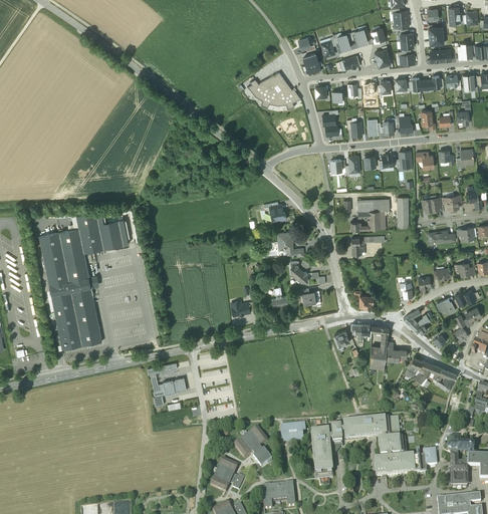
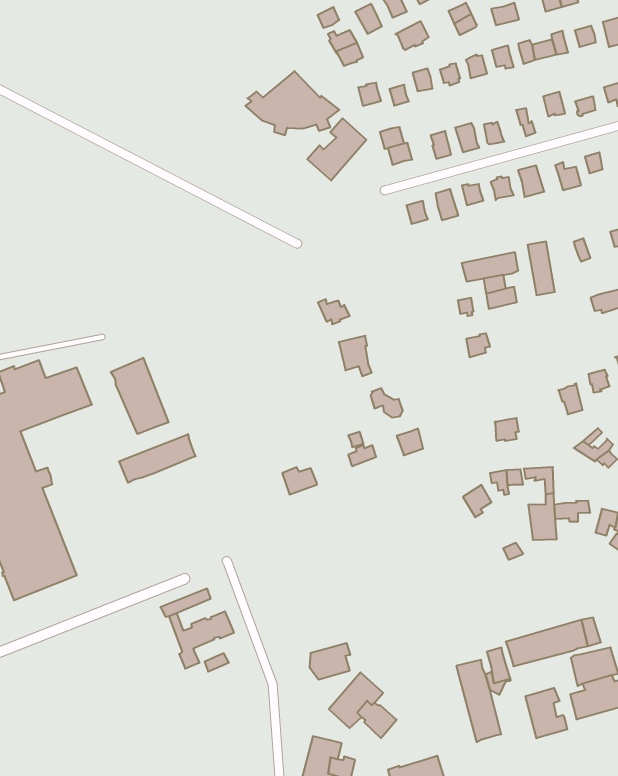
building: none -> [307,118,366,181]
building: none -> [111,358,169,434]
building: none -> [119,434,196,483]
building: [280,424,305,442] -> [309,643,350,679]
building: none -> [526,688,567,738]

